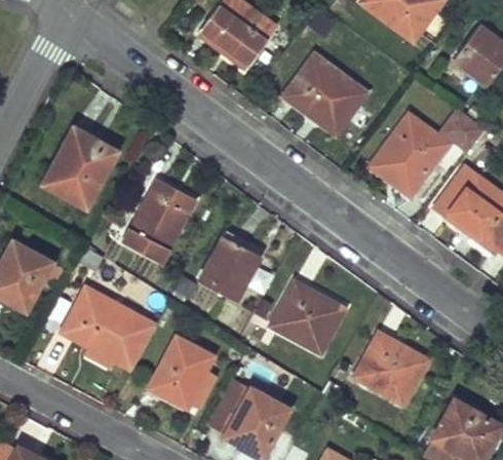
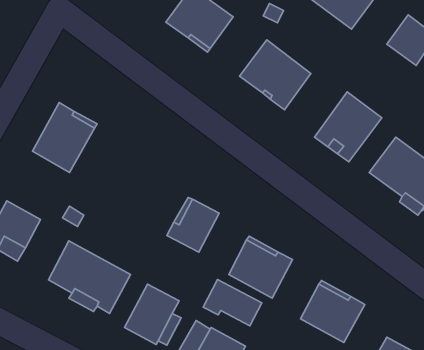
building: [442,109,486,152] -> none
building: [124,179,195,263] -> none
building: none -> [203,279,262,326]

